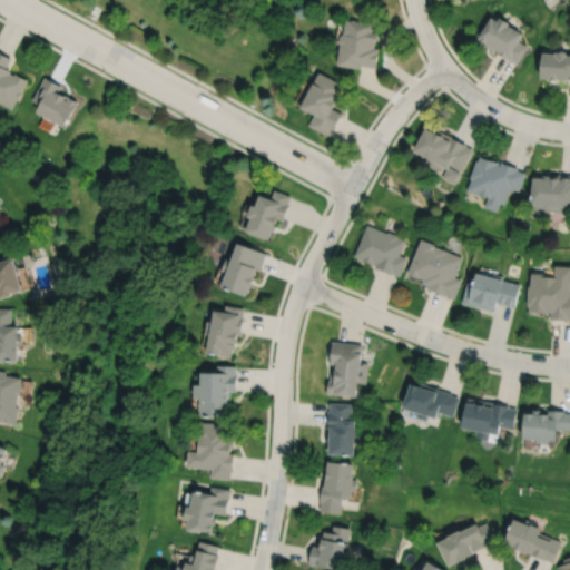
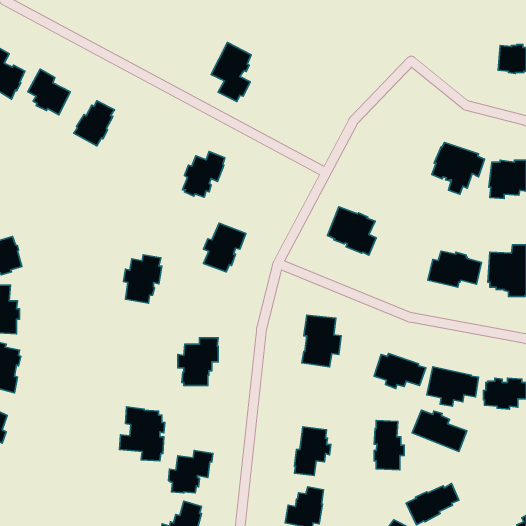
building: [474,19,524,65] -> none
building: [335,22,377,68] -> none
building: [298,71,342,135] -> [211,43,251,101]
building: none -> [74,101,114,146]
building: [413,125,472,184] -> none
building: [244,189,289,238] -> [182,152,225,197]
building: [405,239,461,299] -> none
building: [203,305,244,357] -> [124,255,162,303]
building: [325,403,357,456] -> [374,420,404,470]
building: [185,422,234,480] -> [119,407,165,461]
building: [502,520,561,564] -> [412,410,467,452]

